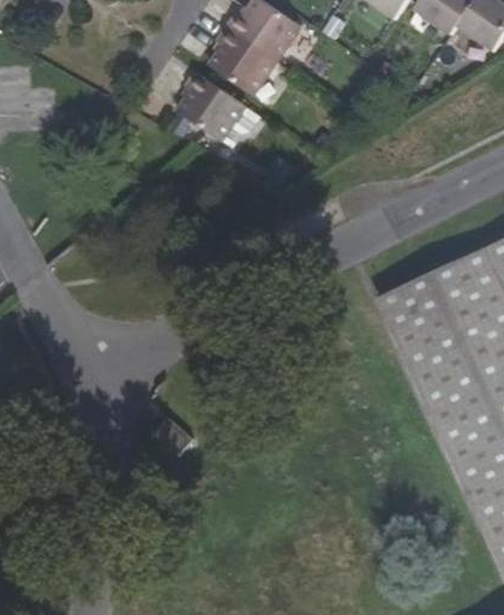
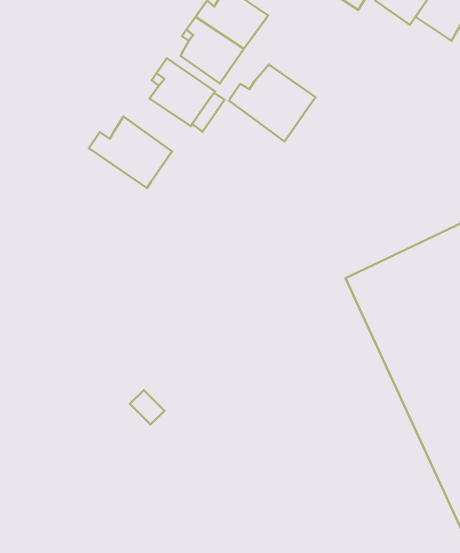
building: none -> [229,65,316,141]
building: none -> [89,117,172,188]

